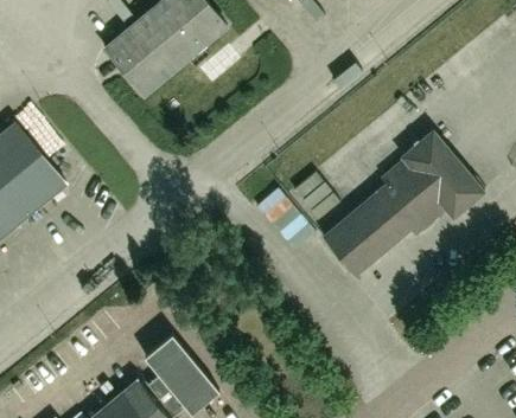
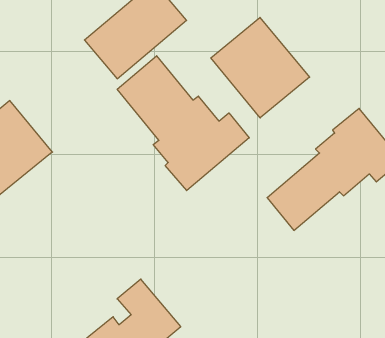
building: none -> [211,17,310,118]
building: none -> [117,56,249,191]

